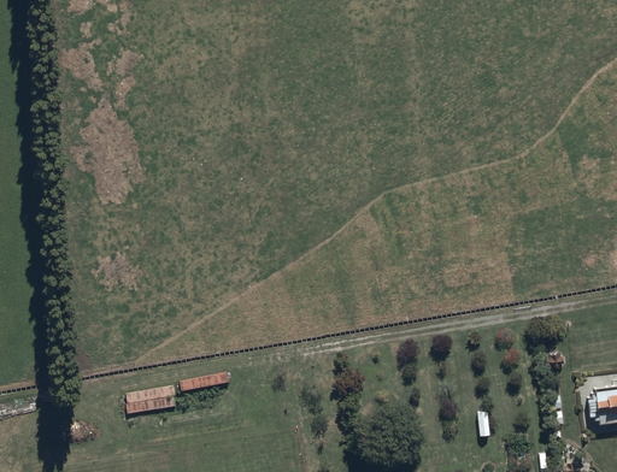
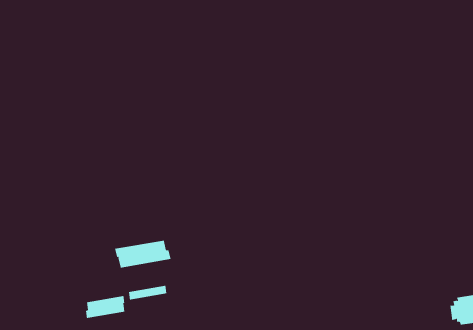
building: none -> [115,240,171,268]

